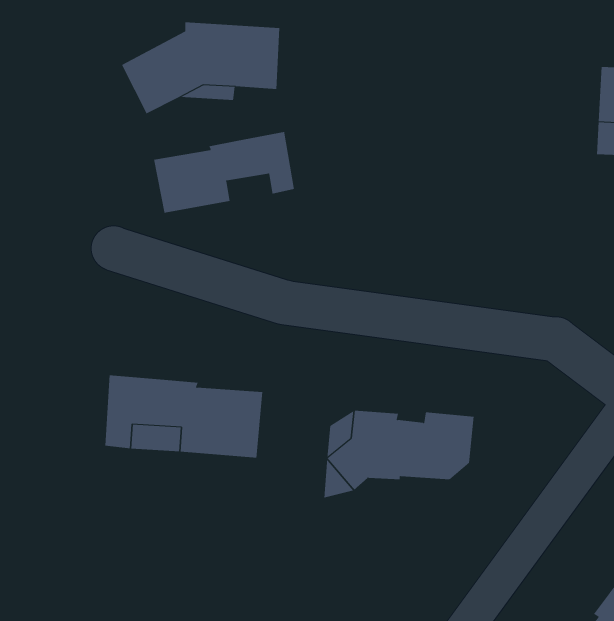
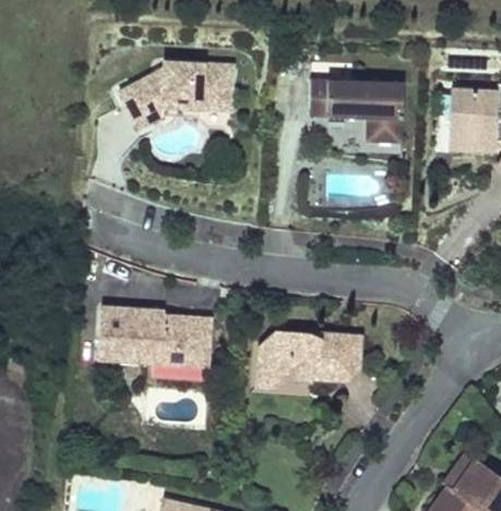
building: none -> [310,78,405,141]
building: [153,131,294,214] -> none

